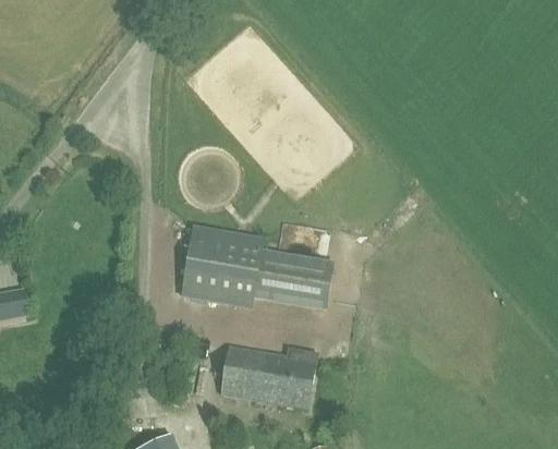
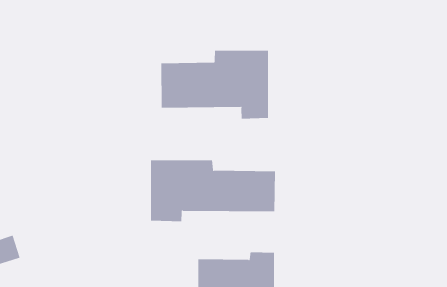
building: none -> [161,50,269,120]

